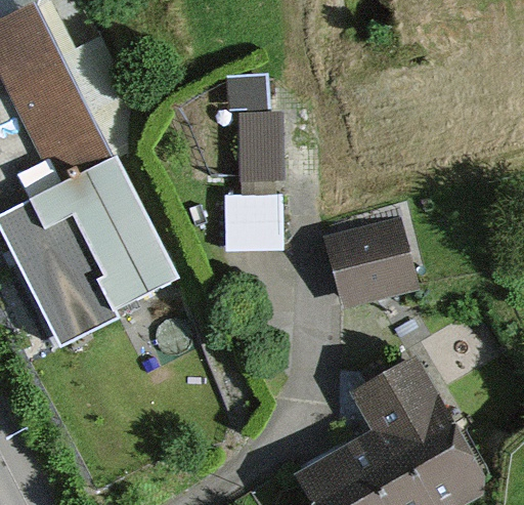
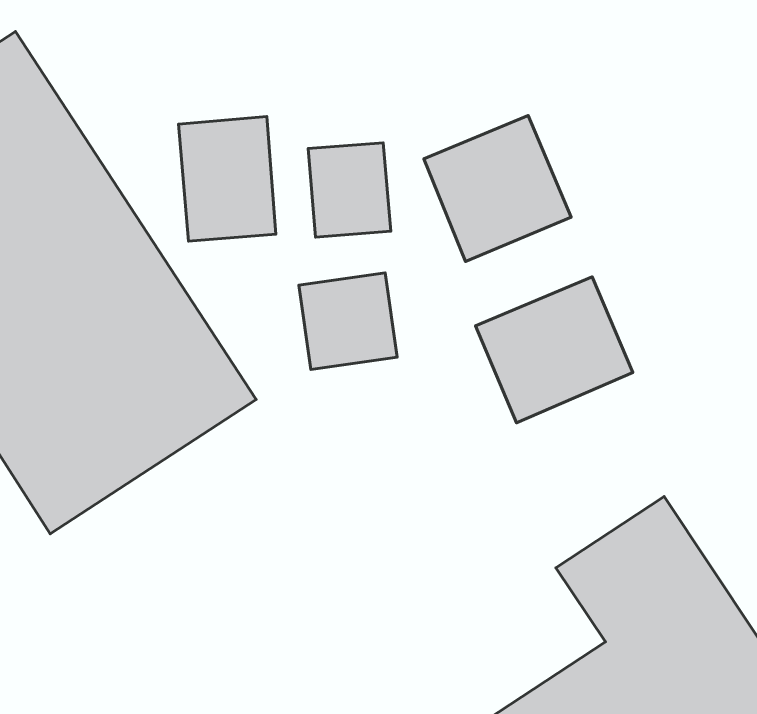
building: none -> [178,117,276,241]
building: none -> [424,115,571,262]

